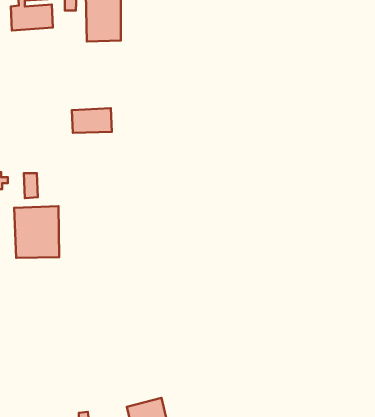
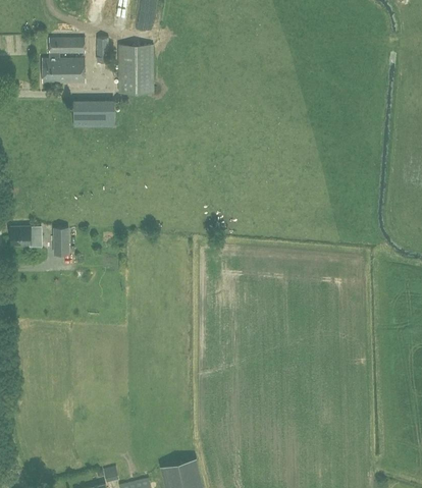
building: [72,108,112,133] -> [75,102,116,127]
building: [14,206,59,258] -> none

